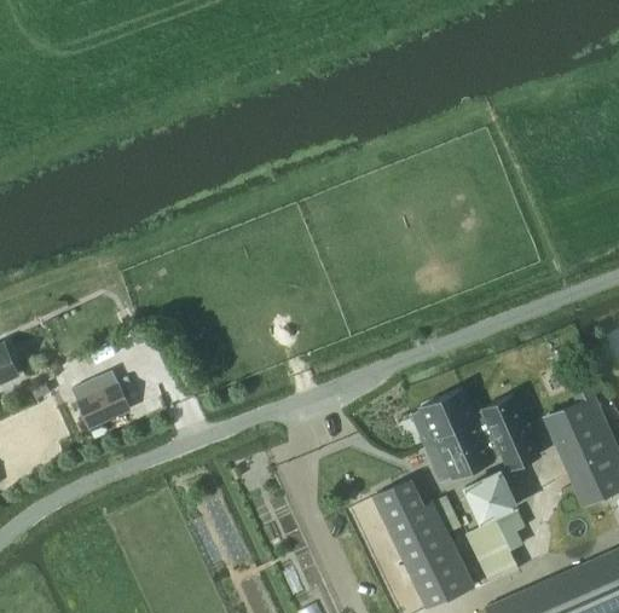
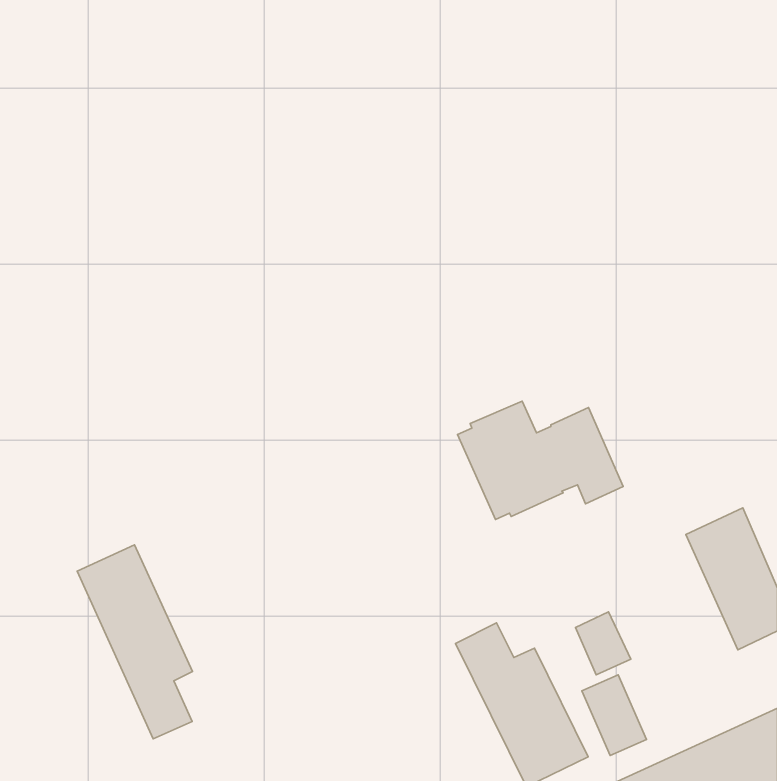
building: [71,371,128,428] -> none
building: [411,392,538,482] -> [458,401,623,520]
building: none -> [77,545,192,739]

